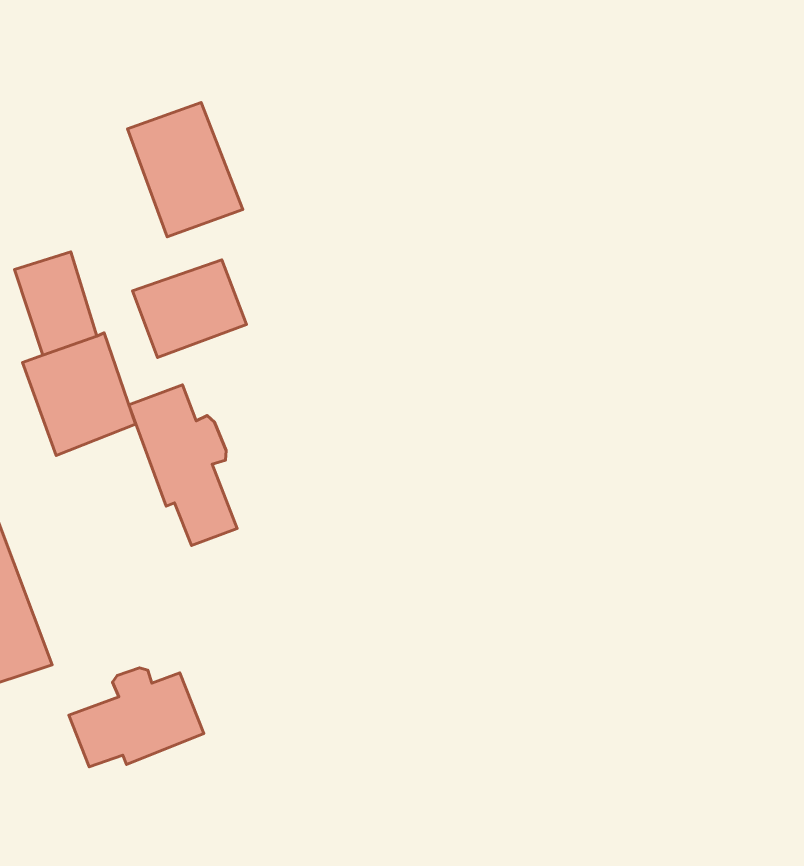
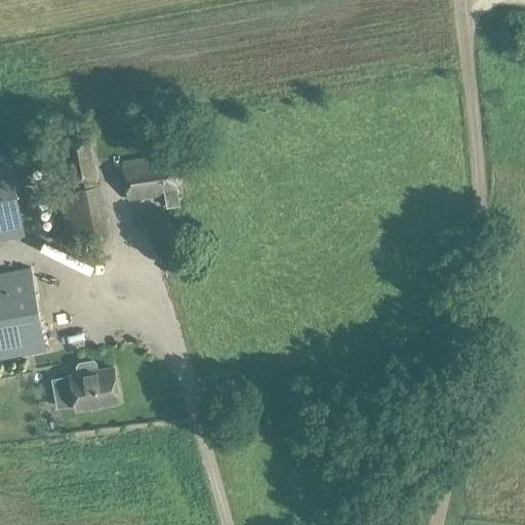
building: [127,103,243,237] -> none
building: [129,385,237,546] -> none

